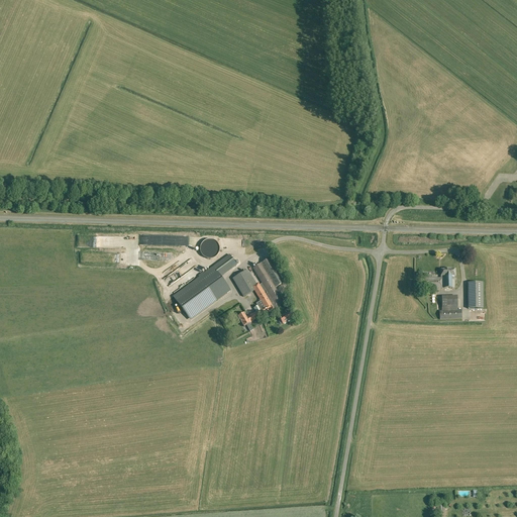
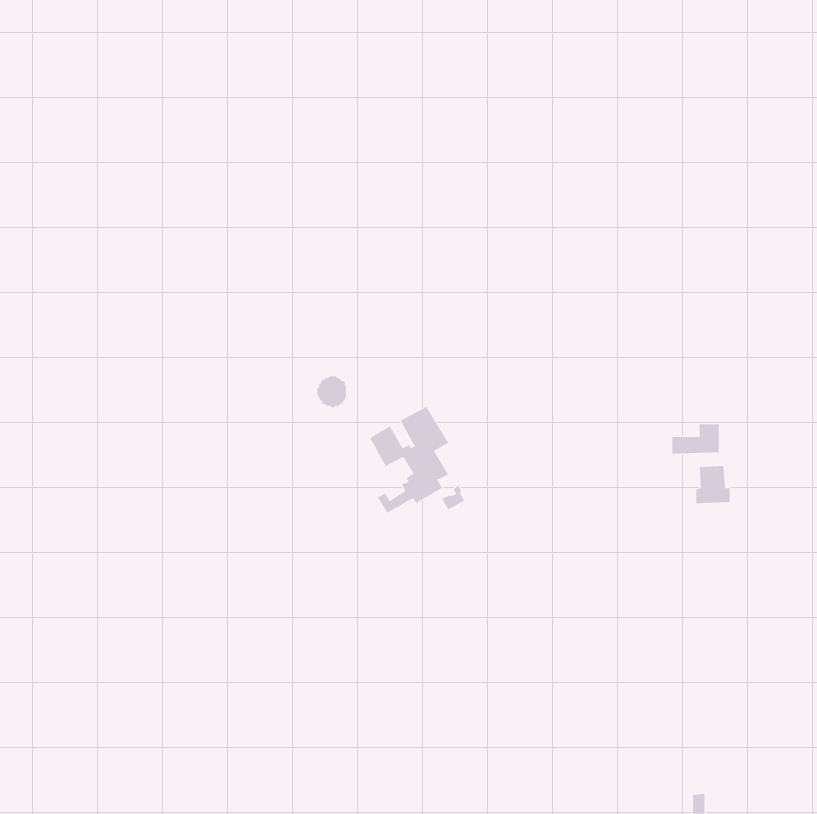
building: [173,252,237,318] -> none
building: [468,281,483,307] -> none

